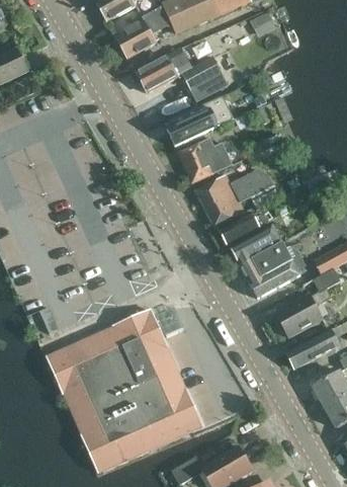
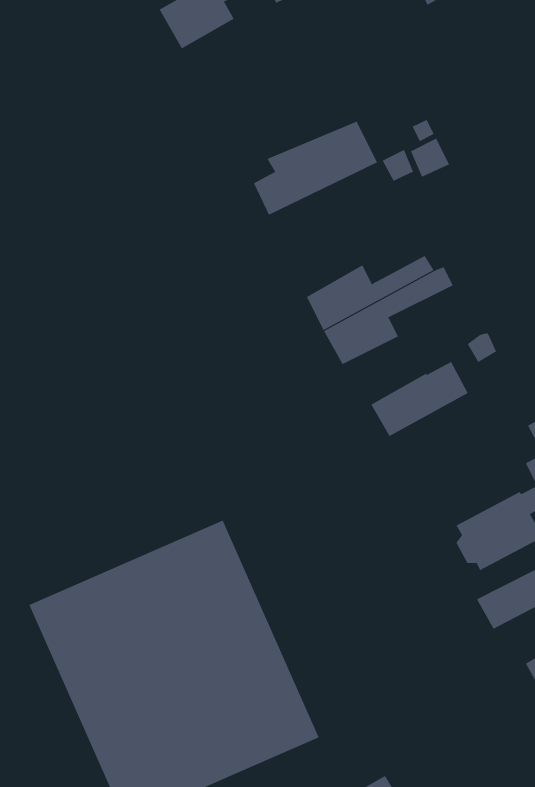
building: [137,48,223,101] -> none
building: [178,138,225,183] -> none
building: [220,213,261,244] -> none
building: [240,242,306,299] -> none

